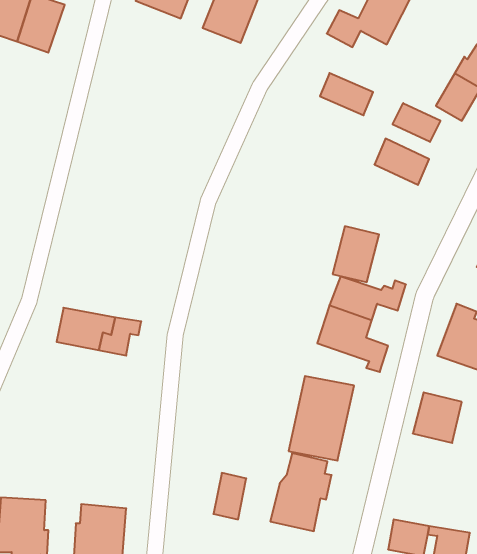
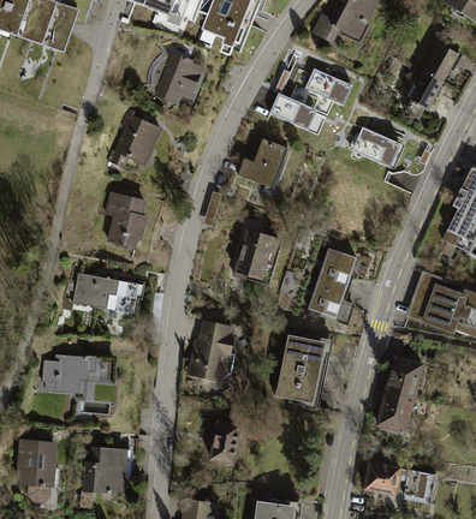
building: none -> [138,41,204,101]
building: none -> [268,91,316,129]
building: [393,103,440,142] -> none
building: none -> [105,106,160,167]
building: none -> [240,142,291,191]
building: none -> [106,189,148,252]
building: [333,226,379,282] -> [233,229,274,279]
building: none -> [41,351,113,389]
building: none -> [376,384,420,429]
building: [270,453,332,531] -> [184,316,238,384]

